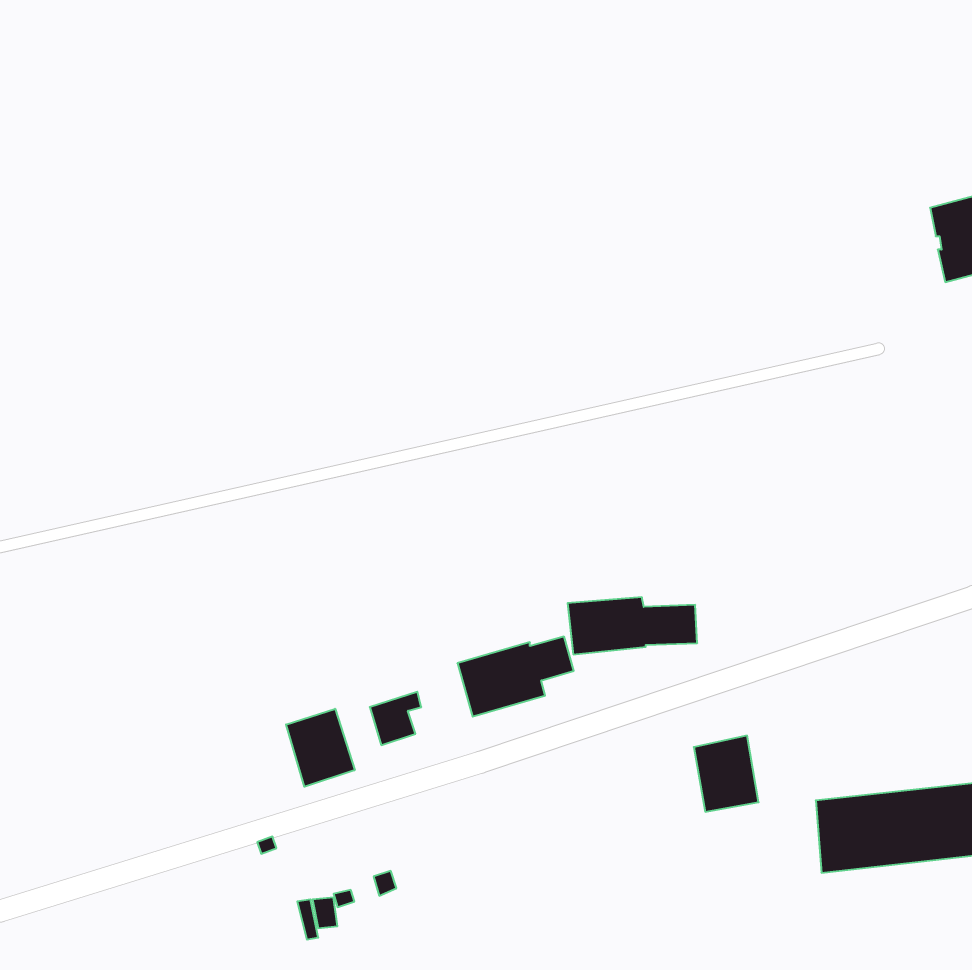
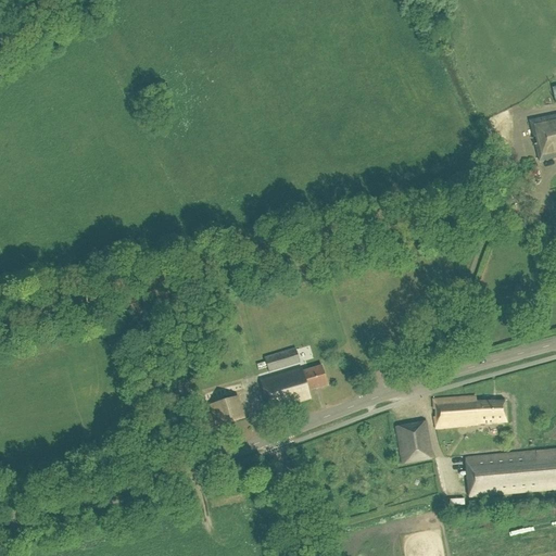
building: [568,597,697,654] -> [433,394,507,427]
building: none -> [266,345,301,369]
building: [286,709,355,787] -> none

